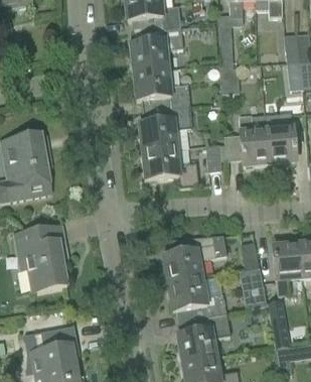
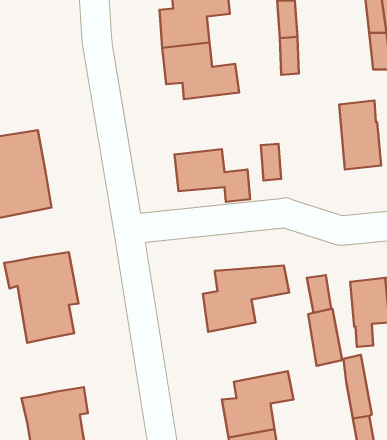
building: [139,106,192,152] -> none
building: [239,115,269,165] -> none
building: [167,274,226,322] -> none

